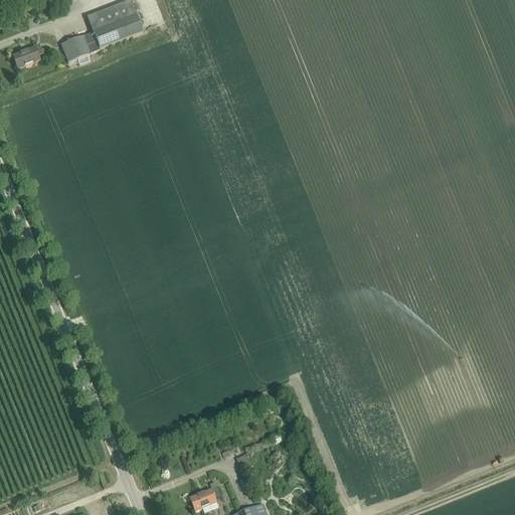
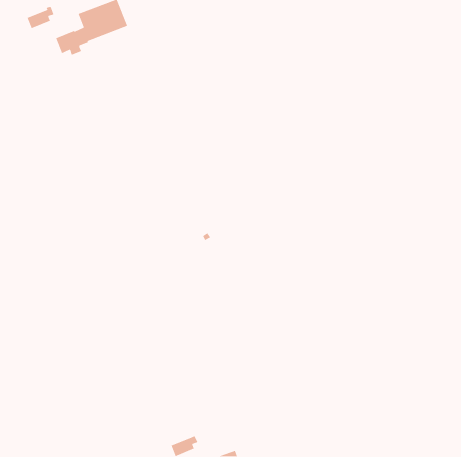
building: [12,40,43,66] -> [27,6,54,29]

